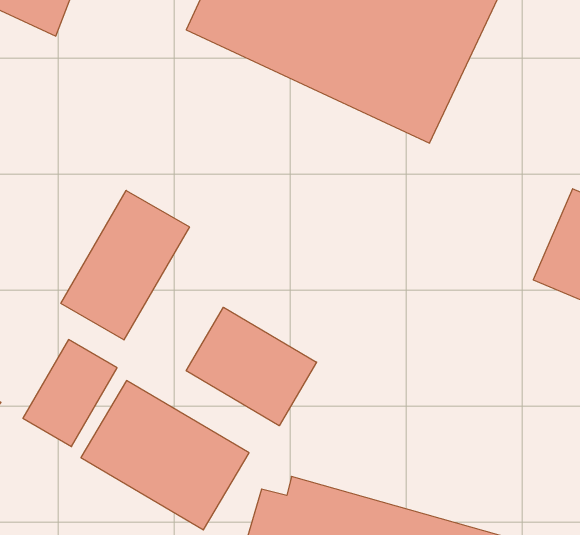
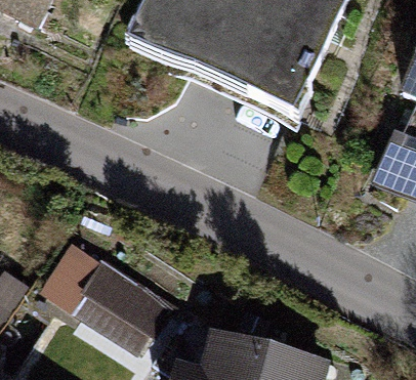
building: [61,190,189,340] -> none
building: [186,307,317,426] -> none

